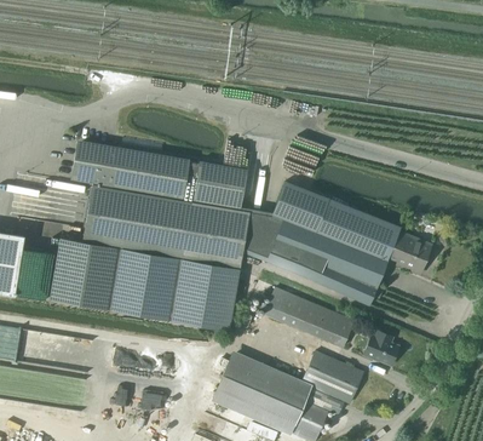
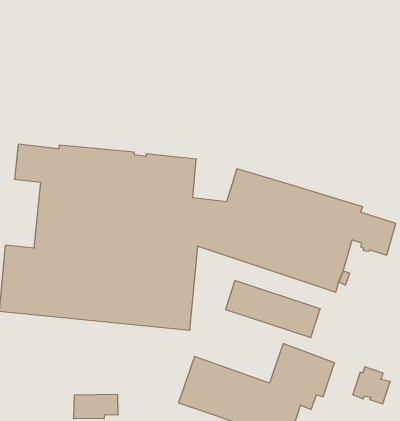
building: [363,330,399,366] -> [353,367,390,404]

